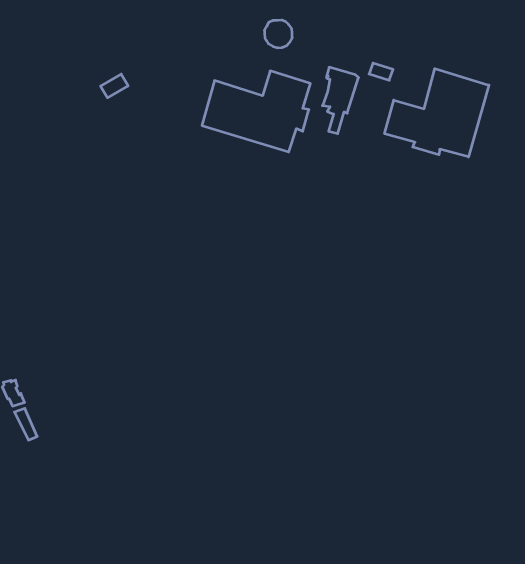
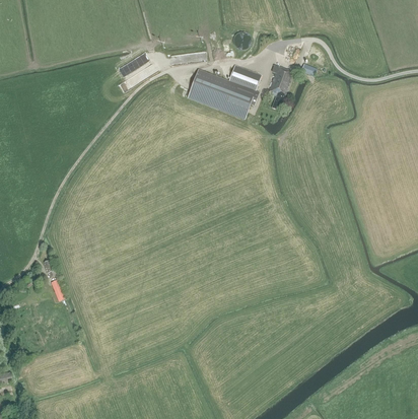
building: [385,69,489,157] -> none

